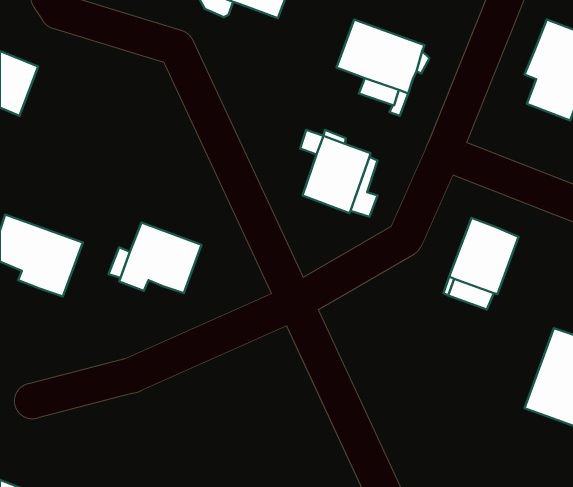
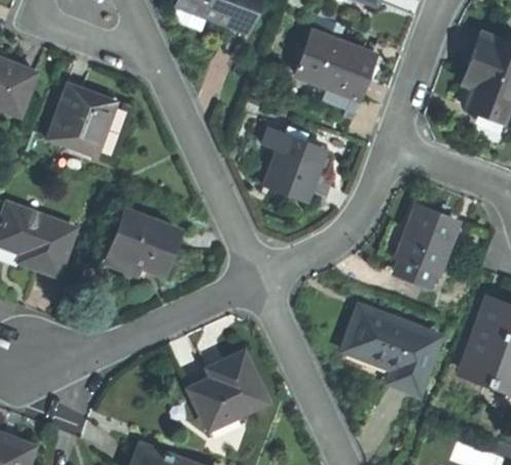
building: none -> [45,84,114,157]
building: none -> [342,308,438,392]
building: none -> [191,351,267,436]

